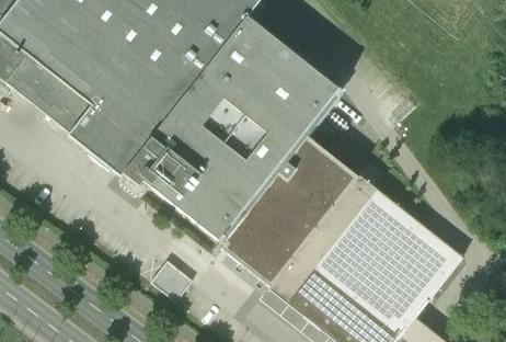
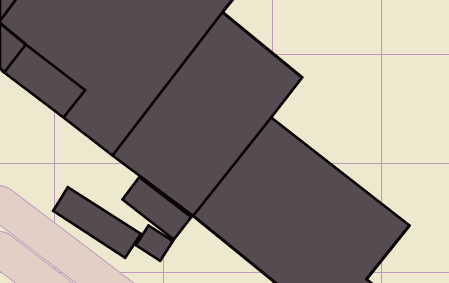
building: none -> [123,177,191,240]
building: none -> [53,187,141,258]

